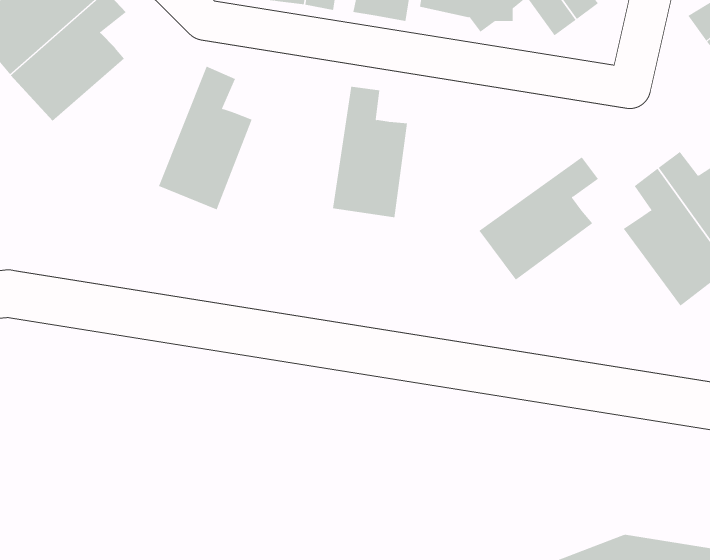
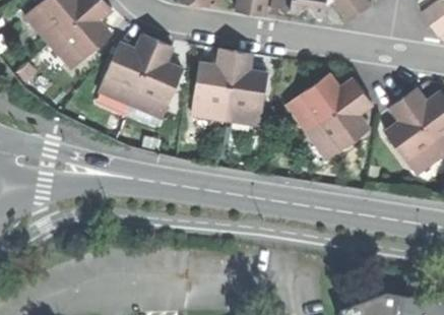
building: none -> [99,34,155,105]
building: none -> [191,47,235,117]
building: none -> [284,70,362,129]

